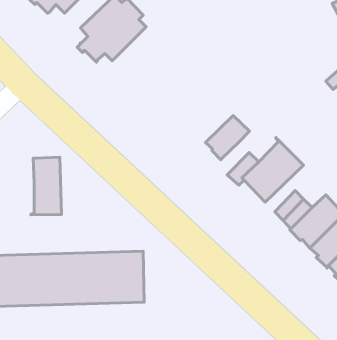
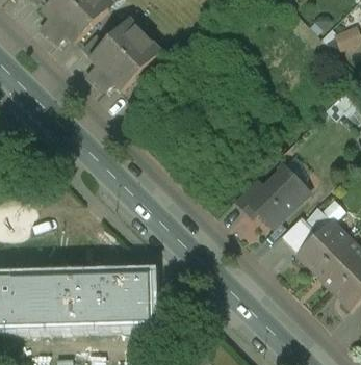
building: [206,115,249,160] -> none
building: [31,157,61,215] -> none

